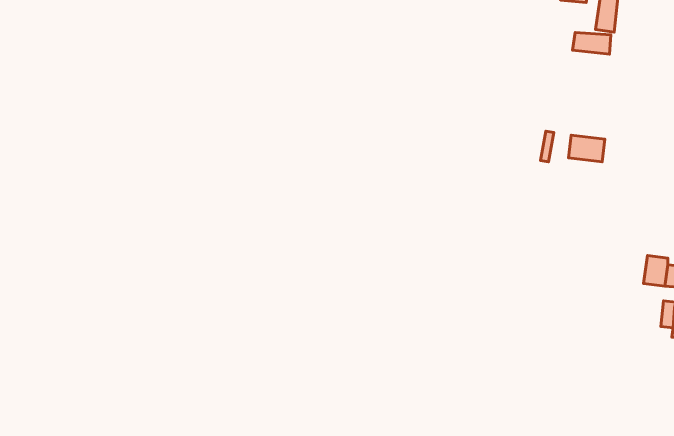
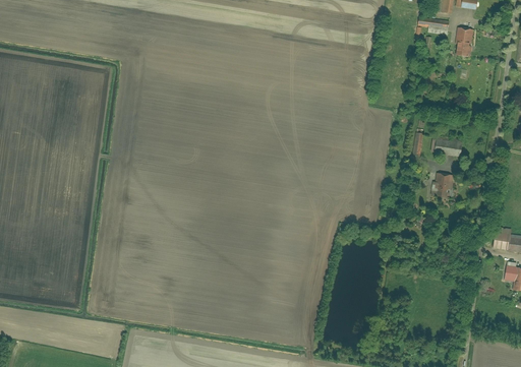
building: [573,32,611,54] -> none
building: none -> [431,172,453,196]

